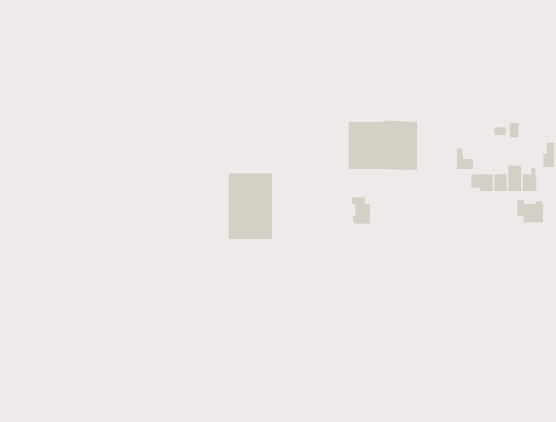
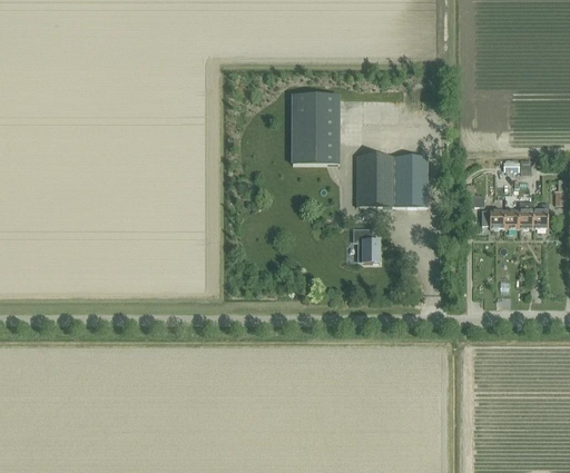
building: [228,173,273,239] -> [293,93,338,161]
building: [517,199,544,223] -> none

